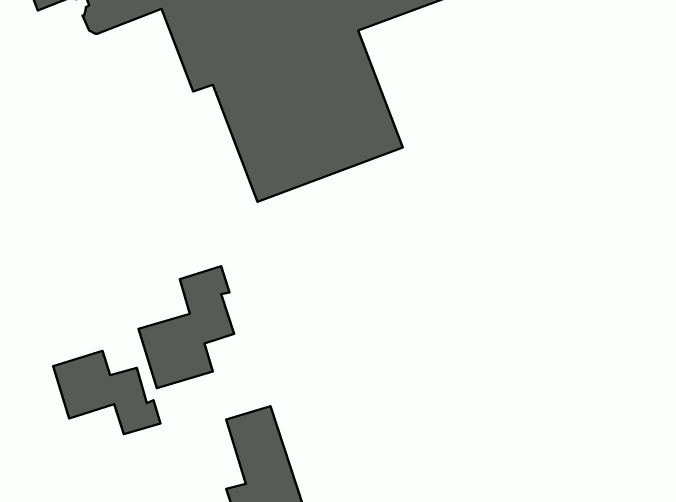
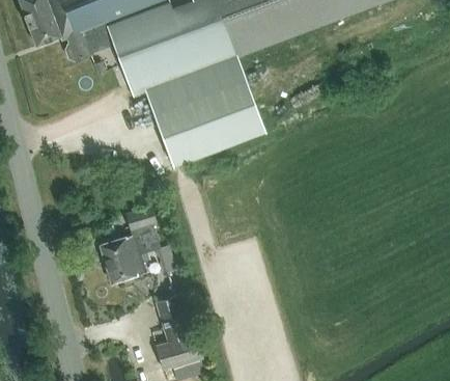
building: [53,351,161,434] -> none

